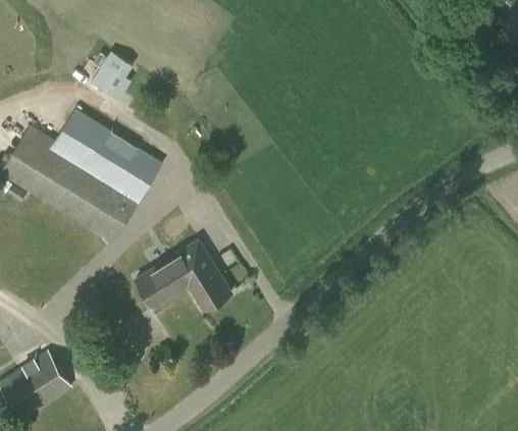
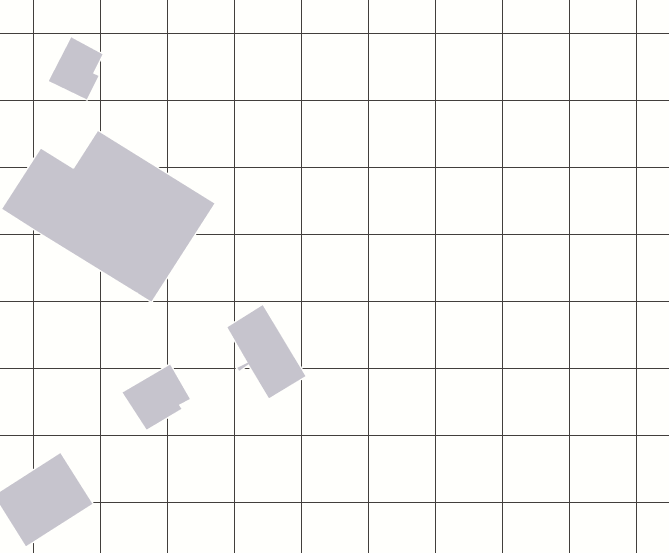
building: [93,50,135,98] -> [48,36,103,100]
building: [135,258,187,308] -> [122,364,191,431]

